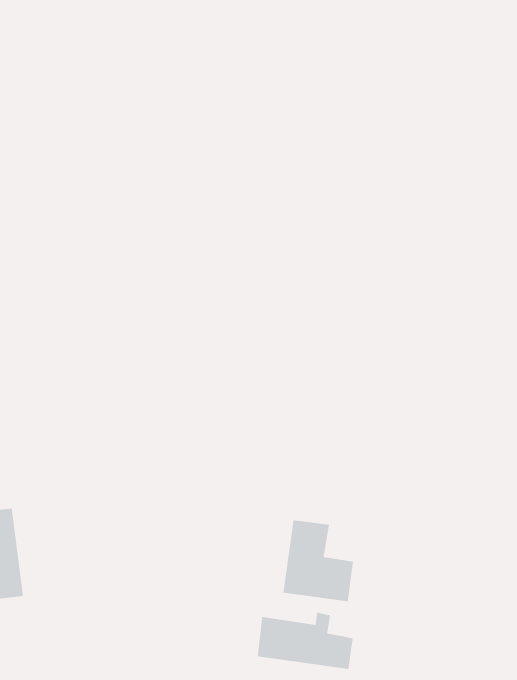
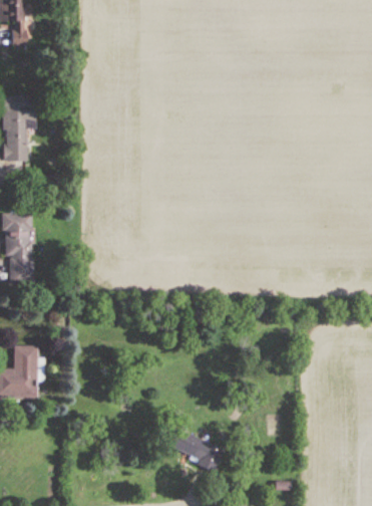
building: [282,520,354,602] -> none

